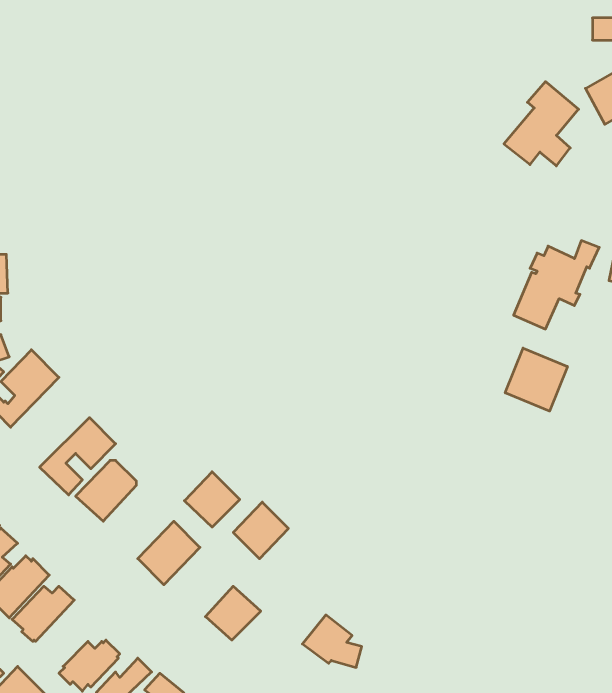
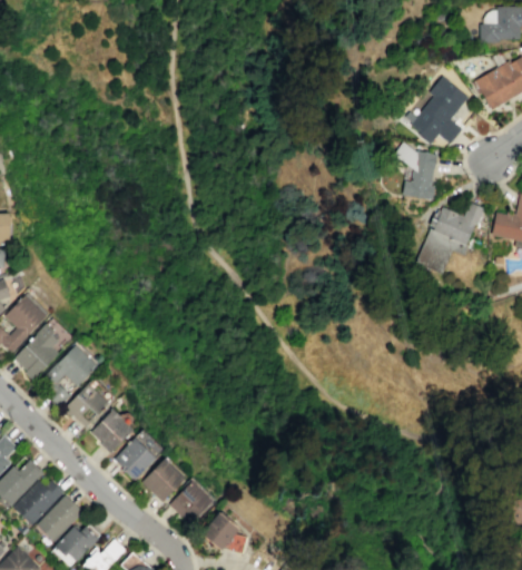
building: none -> [394,141,437,199]
building: [505,348,567,411] -> none
building: none -> [14,317,73,380]
building: [184,472,240,527] -> [89,409,134,453]
building: [233,502,288,559] -> [141,458,186,503]
building: none -> [35,494,83,544]
building: [302,615,362,667] -> [200,512,248,554]

